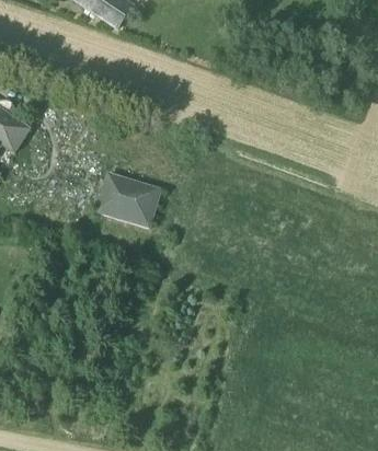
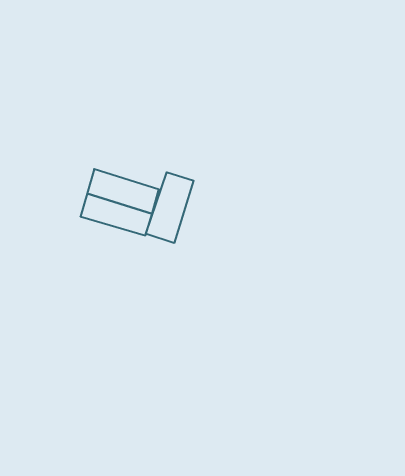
building: none -> [146,172,194,243]

